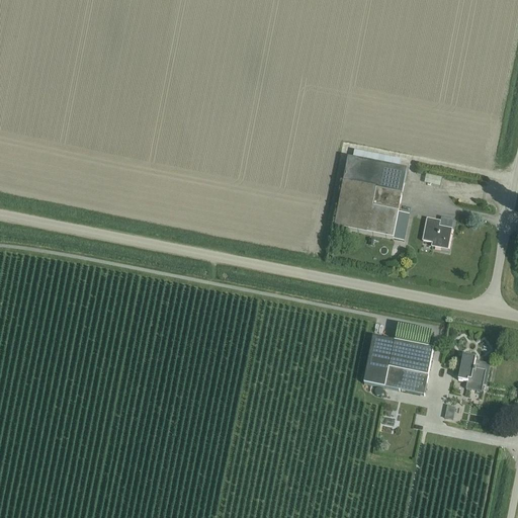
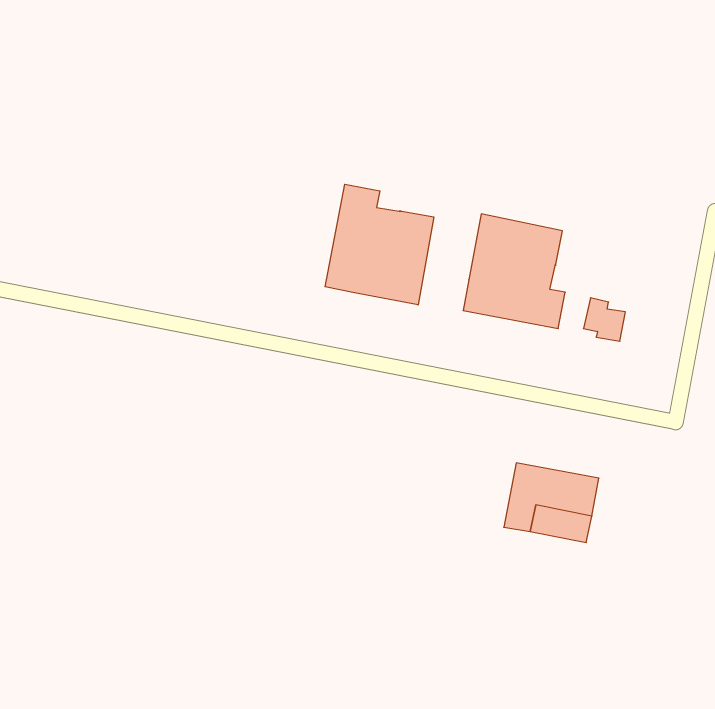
building: none -> [325,184,434,305]
building: [458,353,487,390] -> none

